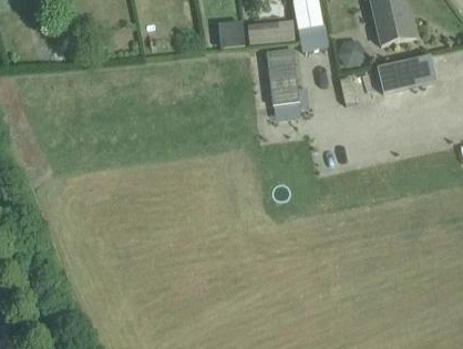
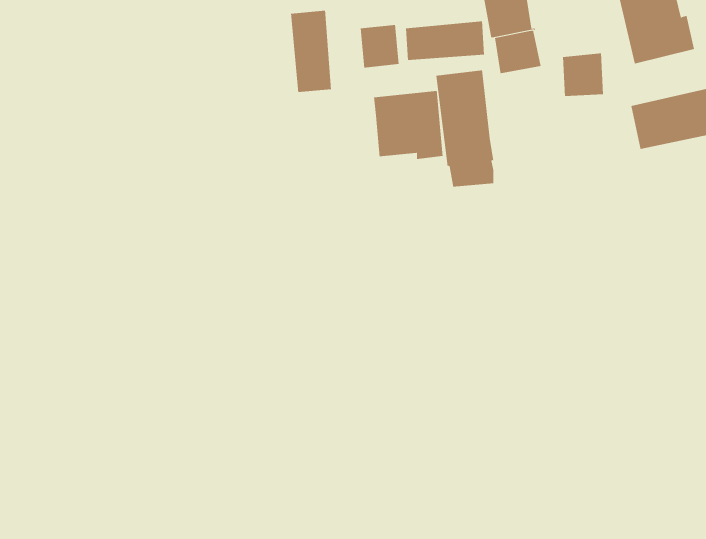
building: none -> [290,10,332,93]
building: none -> [373,90,443,160]

